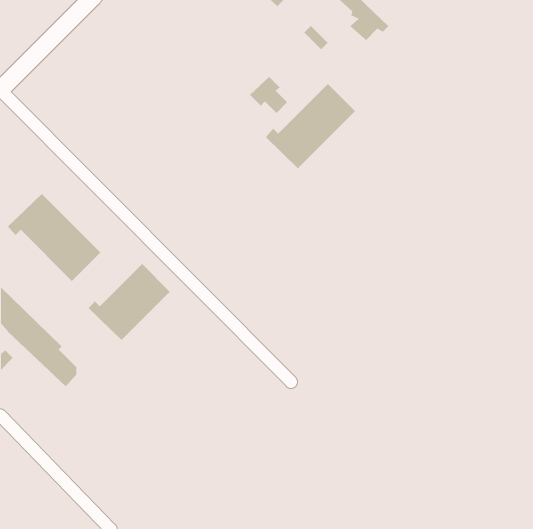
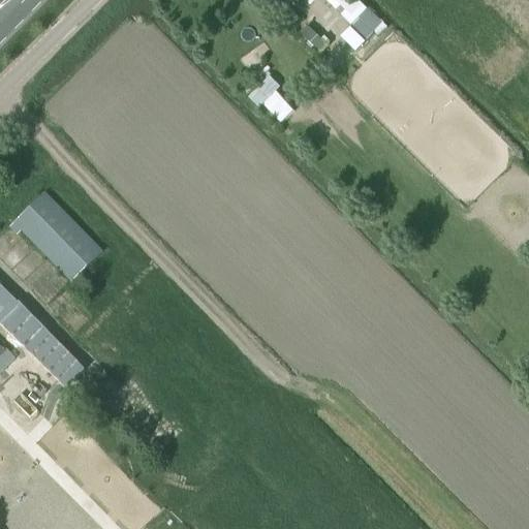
building: [265,83,356,169] -> none
building: [88,263,171,341] -> none

